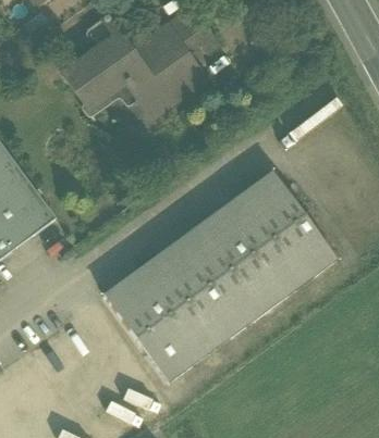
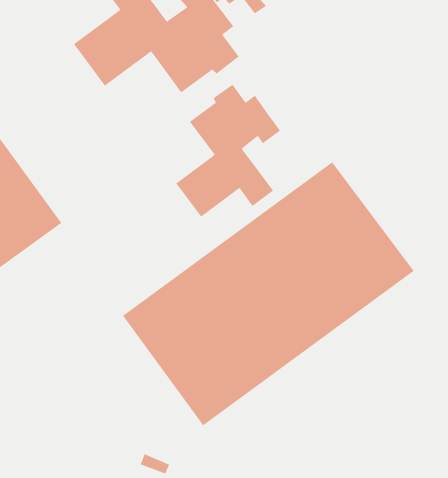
building: none -> [176,84,281,217]

